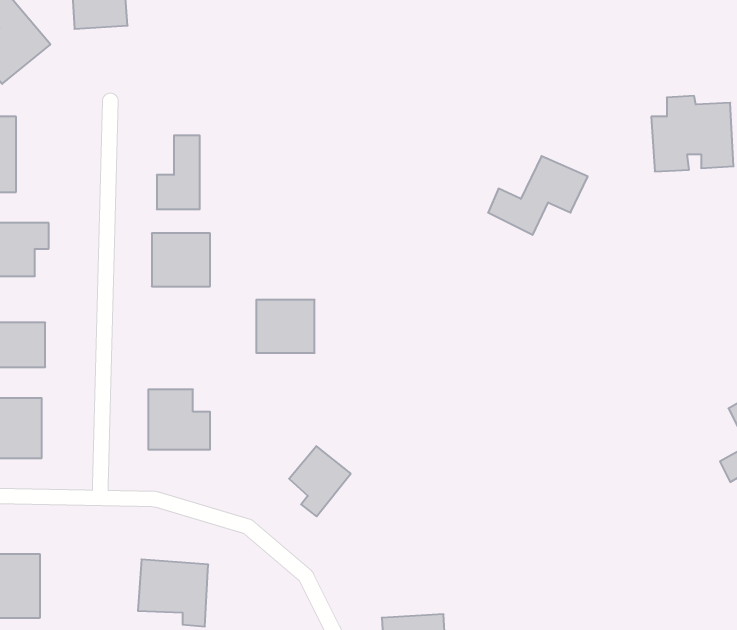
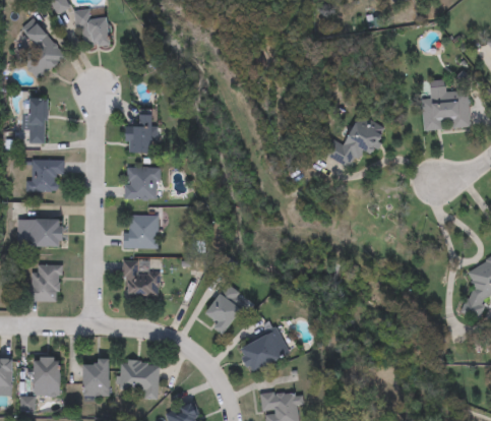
building: [256,300,315,353] -> [123,216,158,247]
building: none -> [240,329,290,373]
building: none -> [83,361,109,396]

